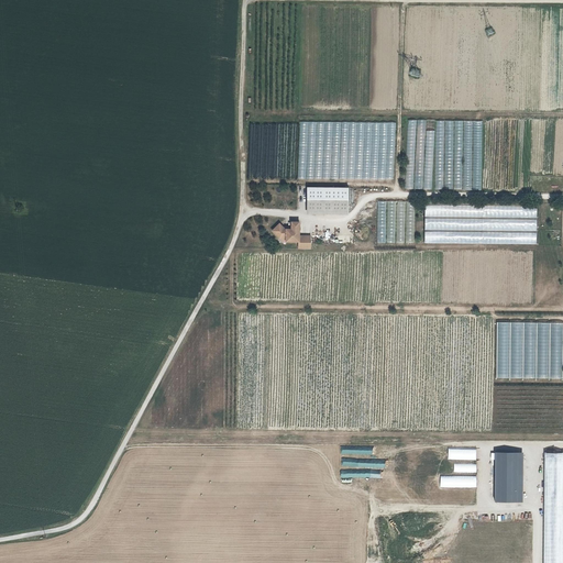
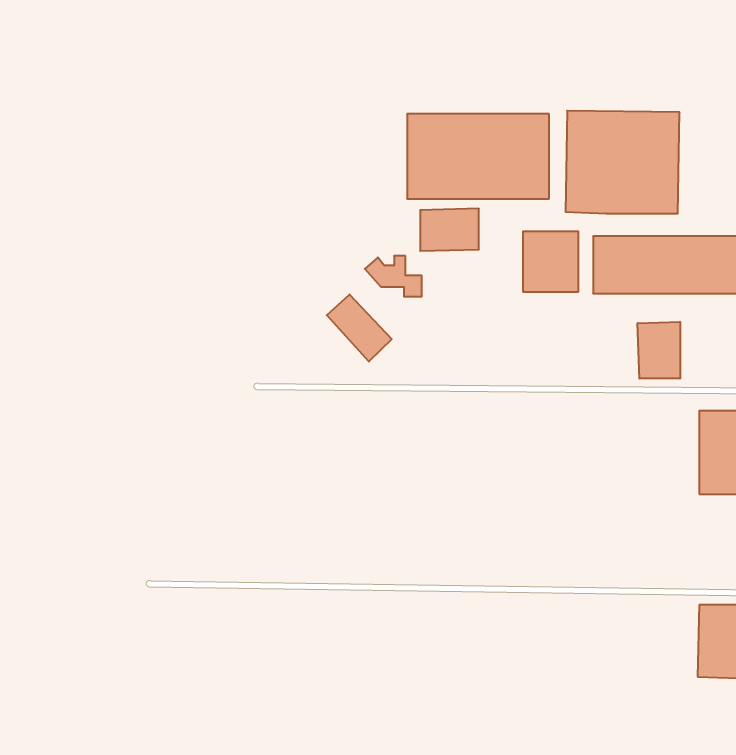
building: none -> [327,294,392,362]
building: none -> [638,322,680,379]

